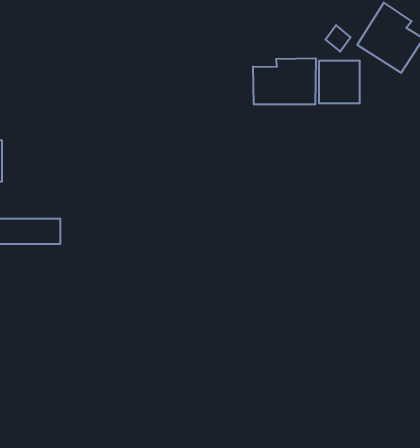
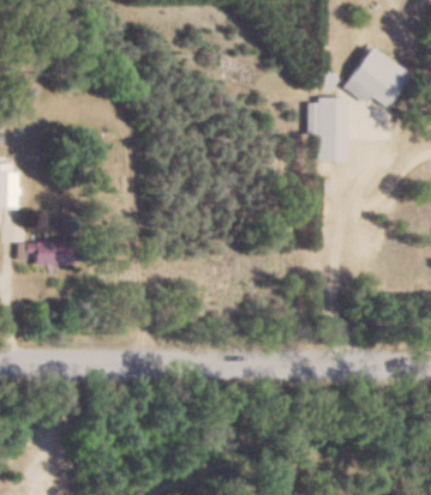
building: [253,58,316,104] -> none

